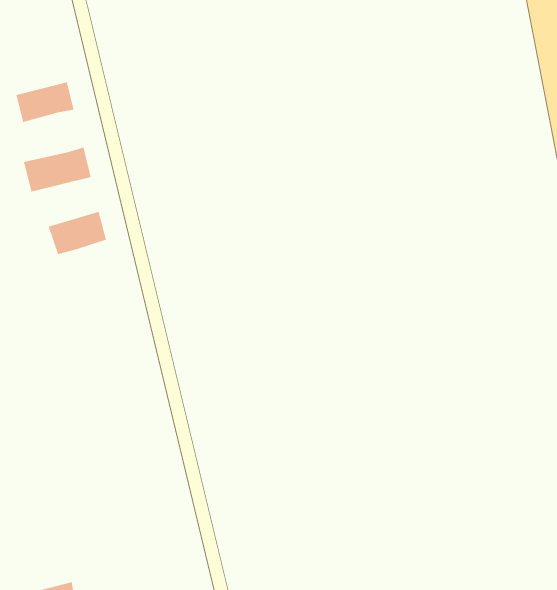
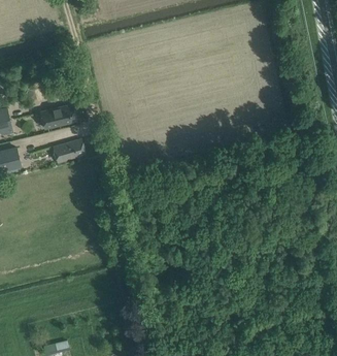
building: [16,82,74,123] -> none

